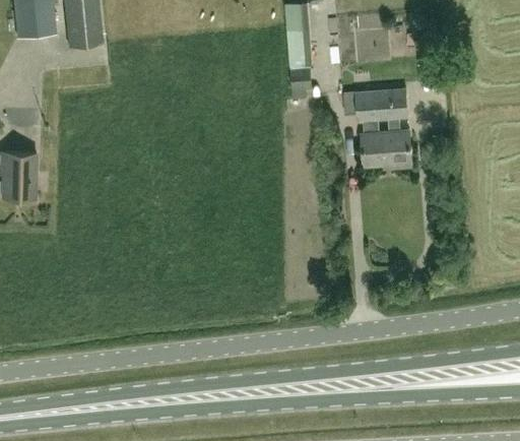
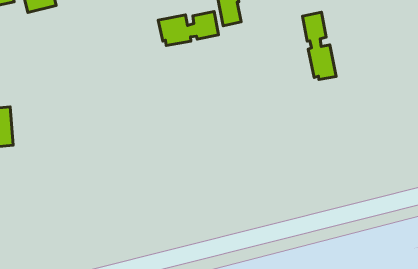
building: none -> [158,11,218,46]
building: [342,90,388,164] -> none

